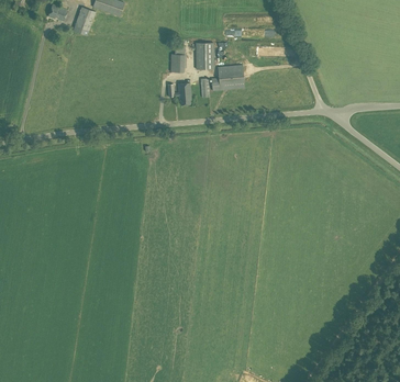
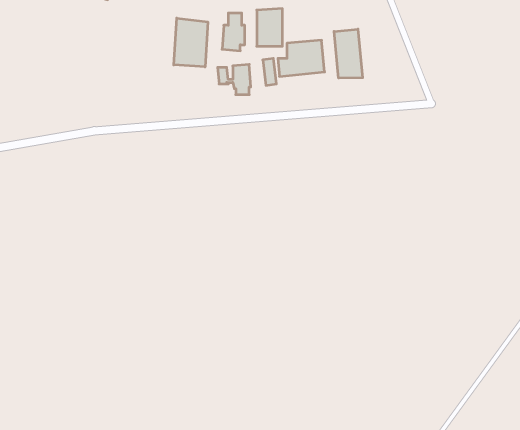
building: none -> [174,18,208,67]
building: none -> [334,29,363,78]

